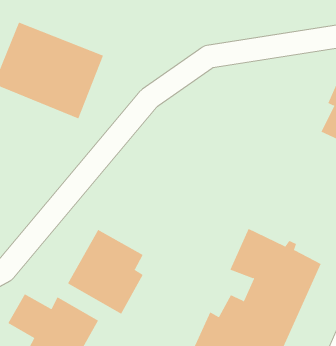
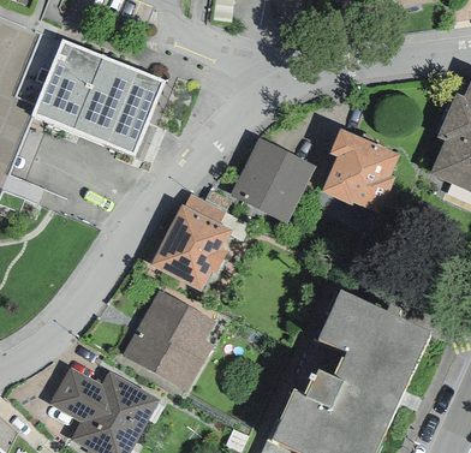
building: none -> [322,129,398,213]
building: none -> [231,137,316,223]
building: none -> [150,193,232,291]

